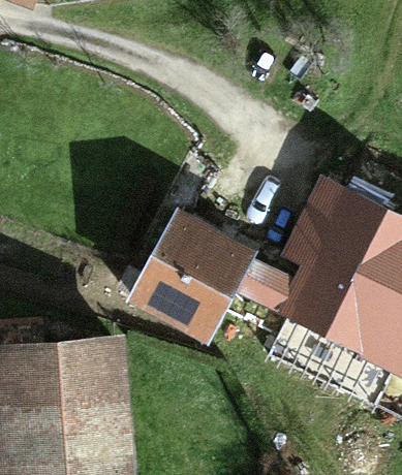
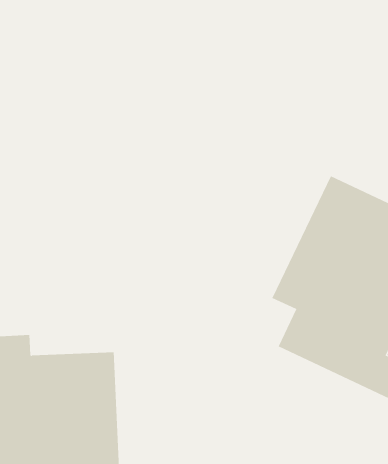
building: [135,217,255,340] -> none

